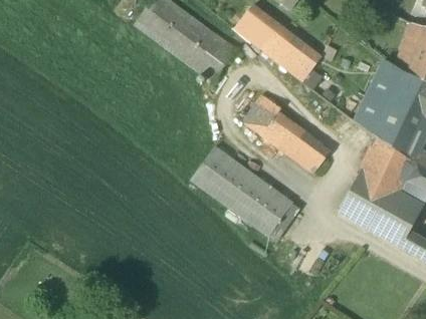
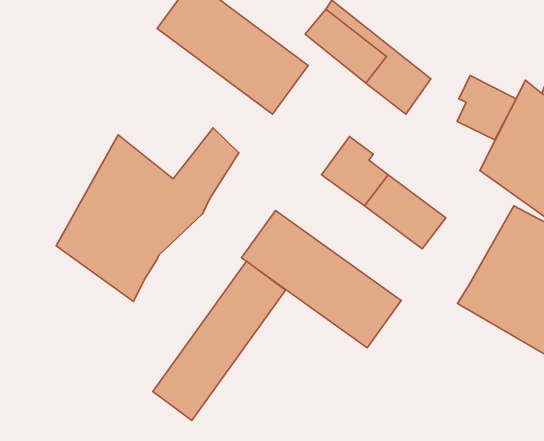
building: none -> [457,76,516,140]
building: none -> [56,128,239,302]
building: none -> [153,261,285,421]

